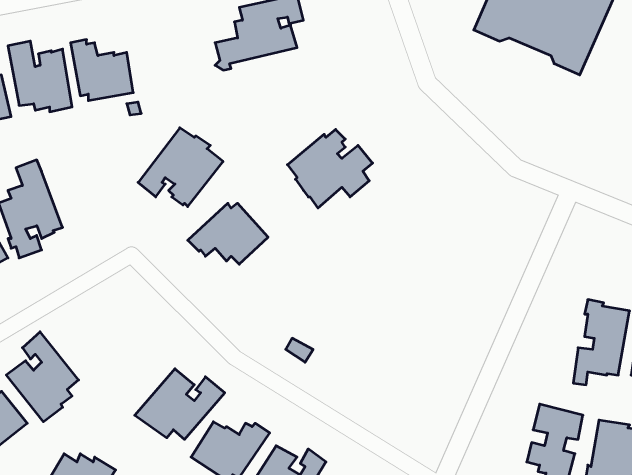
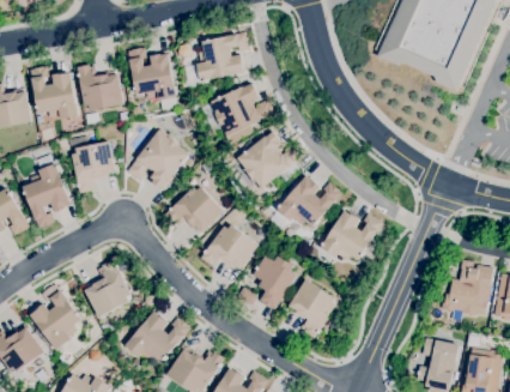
building: none -> [122,47,176,101]
building: none -> [211,83,275,138]
building: none -> [72,141,115,193]
building: none -> [277,176,341,227]
building: none -> [321,209,382,261]
building: none -> [200,224,259,271]
building: none -> [251,255,296,310]
building: none -> [85,260,132,318]
building: none -> [289,278,335,339]

